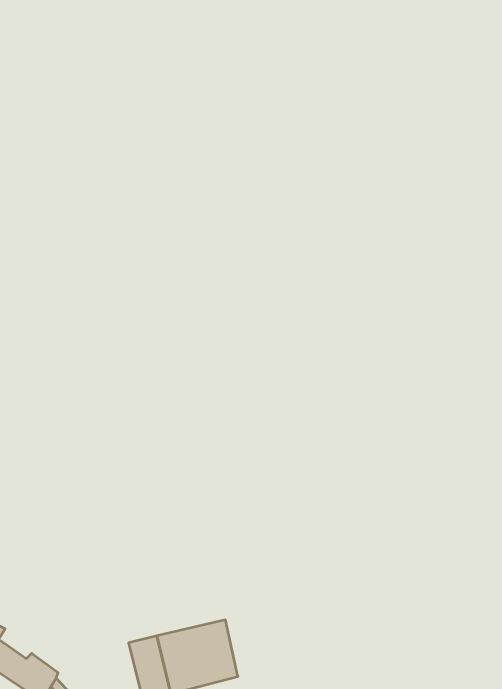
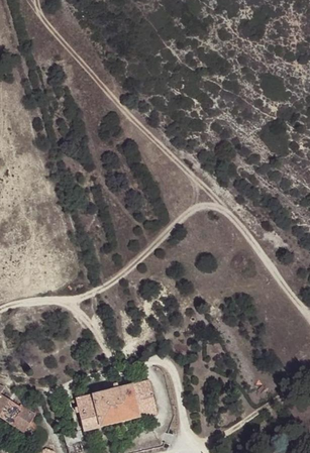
building: none -> [130,381,154,417]

